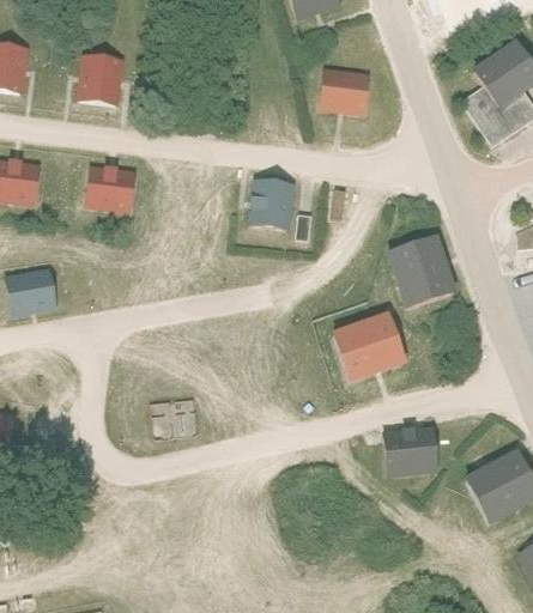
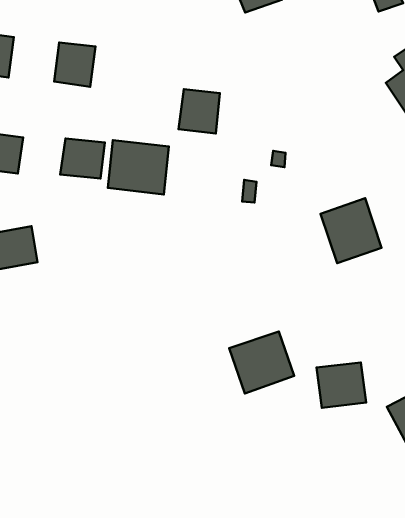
building: [317,66,369,114] -> none
building: none -> [108,140,169,194]
building: [247,177,295,229] -> [179,89,220,133]
building: [331,311,406,383] -> [229,332,294,393]

